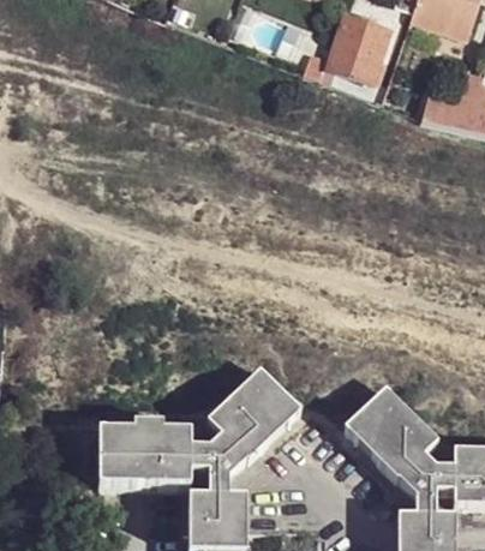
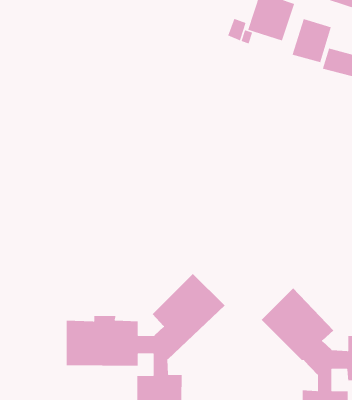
building: none -> [292,18,332,63]

